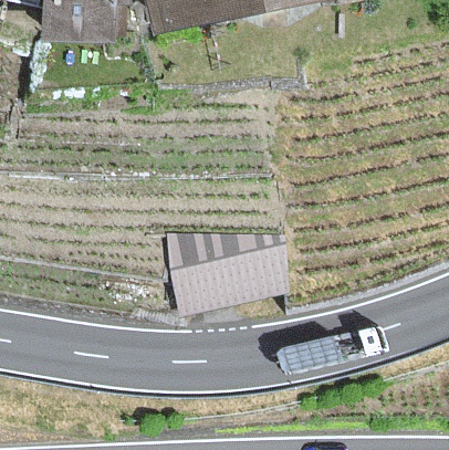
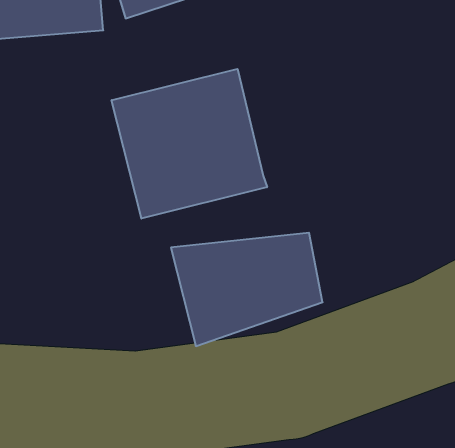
building: none -> [112,69,267,219]

